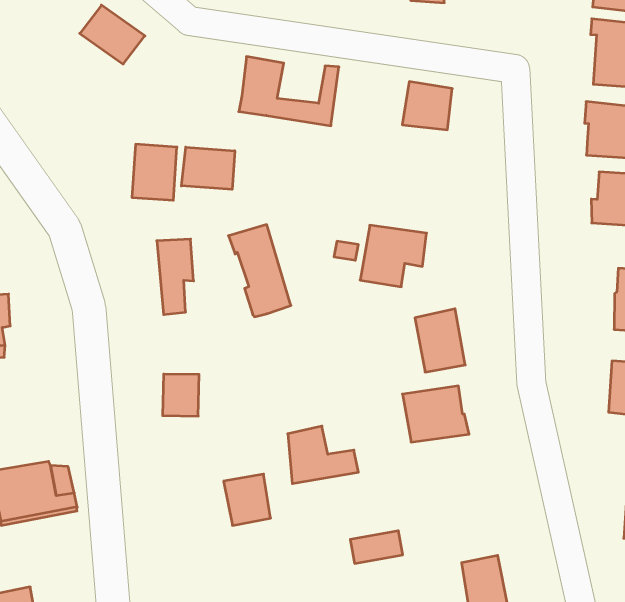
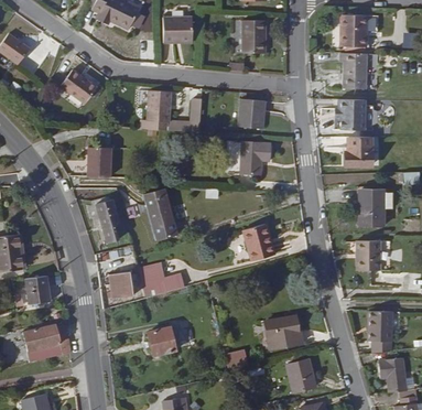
building: [181,147,235,189] -> none
building: [360,225,427,287] -> [241,137,277,170]
building: none -> [26,274,50,303]
building: [402,386,469,442] -> [260,314,299,347]
building: [288,426,358,484] -> [140,261,181,294]

